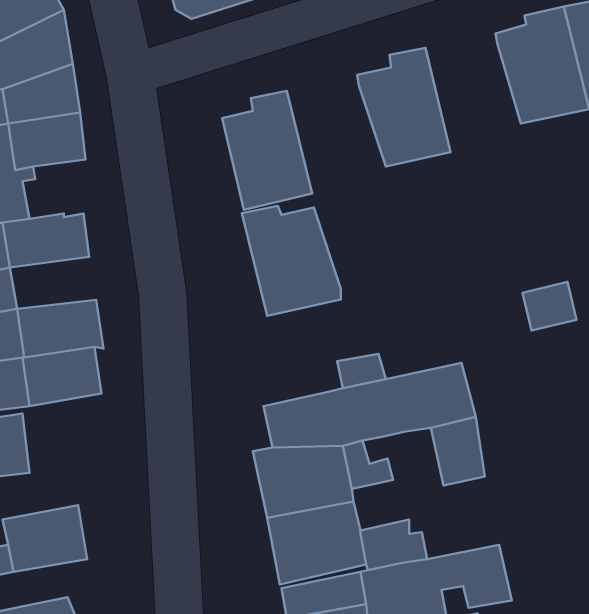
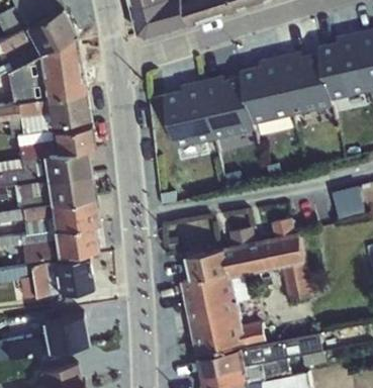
building: none -> [279,51,335,114]
building: none -> [53,125,93,152]
building: [242,206,341,316] -> [201,76,257,137]
building: none -> [45,173,94,202]
building: none -> [53,255,97,294]

